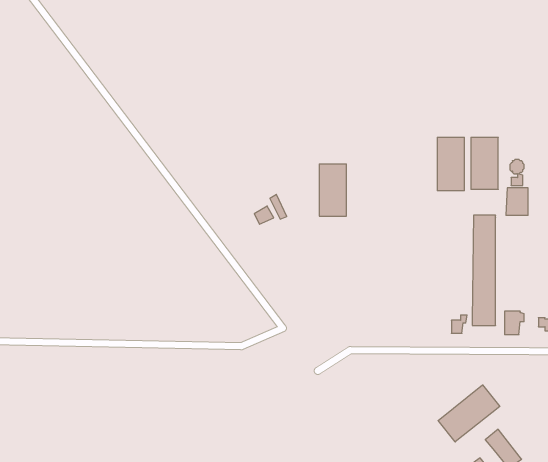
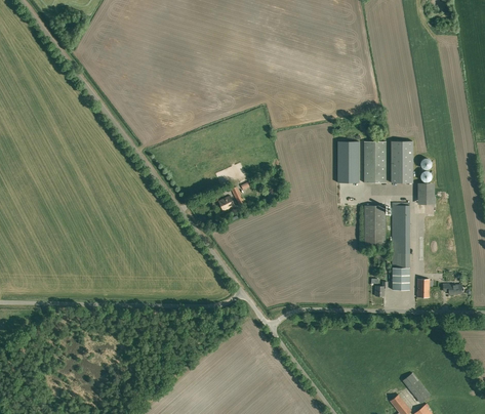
building: [319,164,346,216] -> [337,141,359,182]
building: none -> [365,206,386,247]
building: [438,385,500,442] -> none

